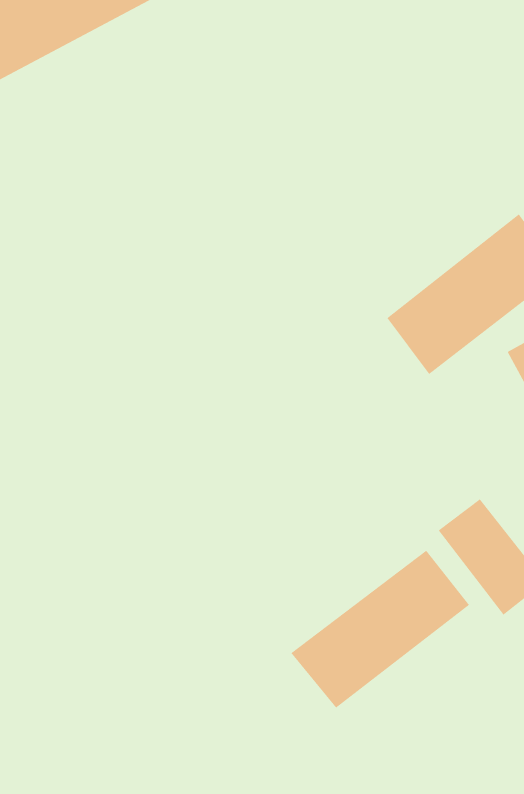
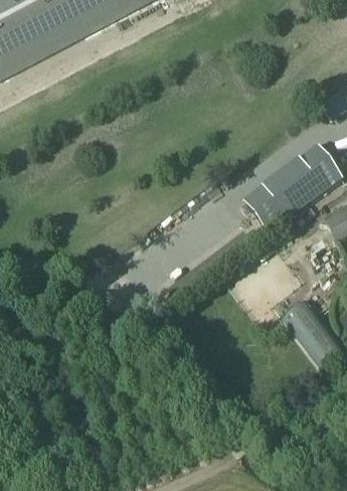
building: [291,550,470,708] -> none

